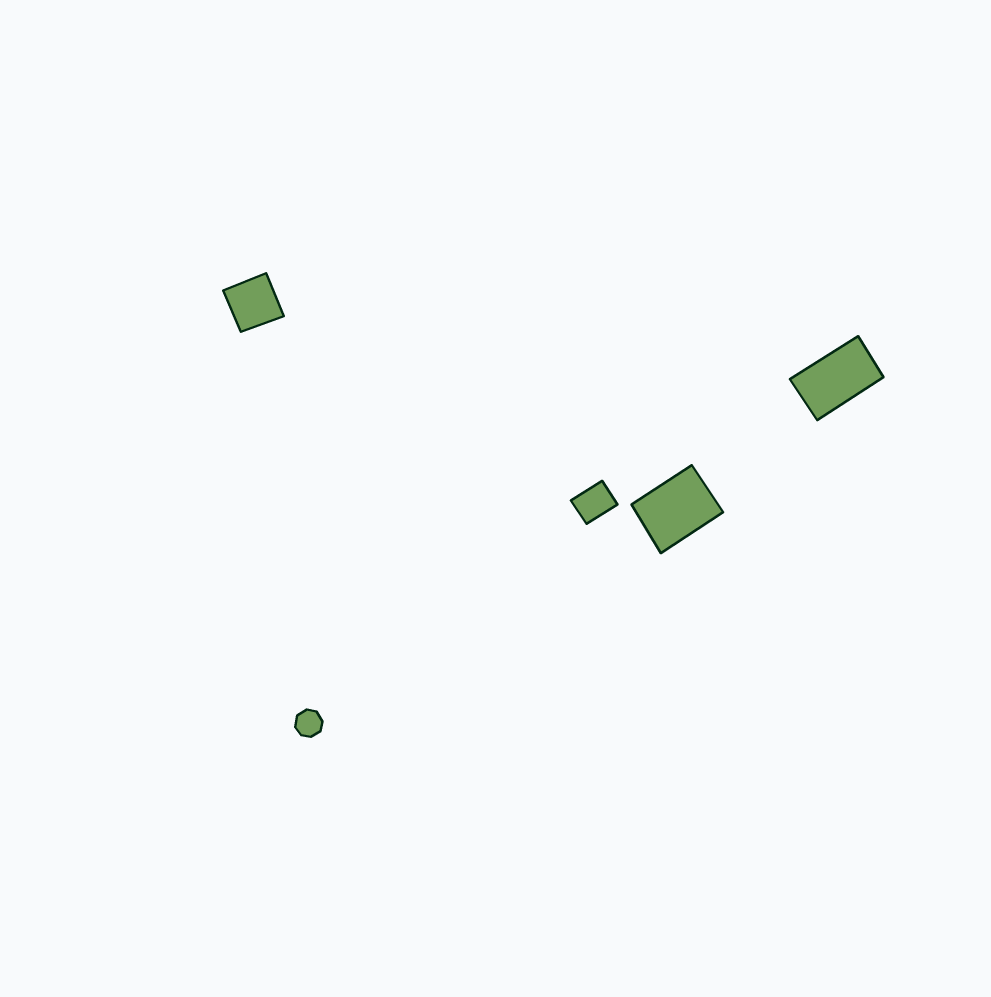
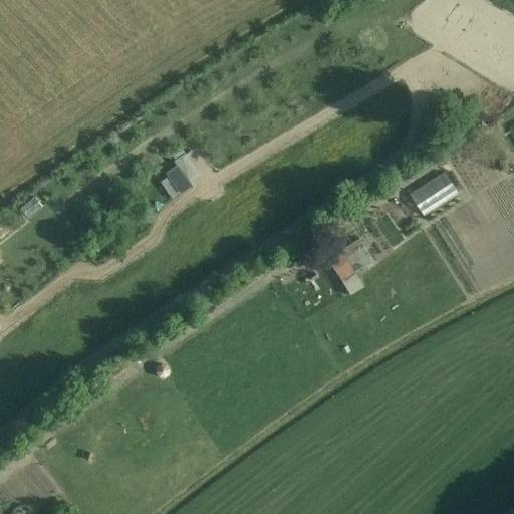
building: [223,273,284,332] -> [167,158,198,188]

